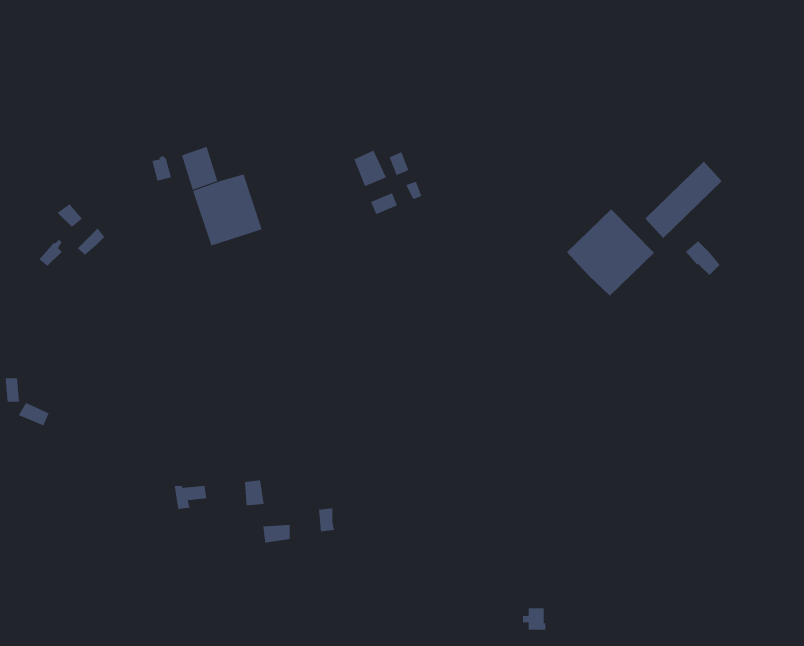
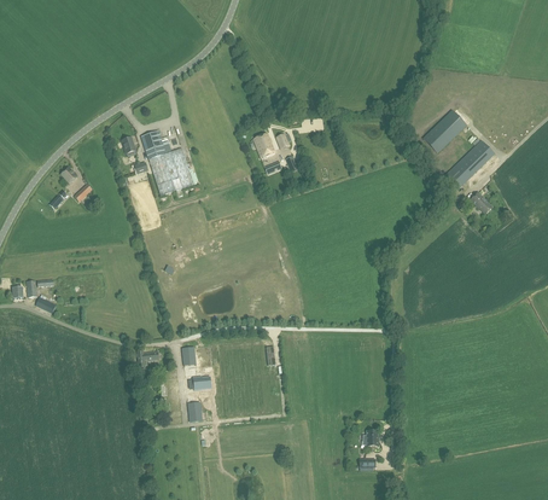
building: none -> [429,110,466,147]
building: [566,208,655,296] -> none

